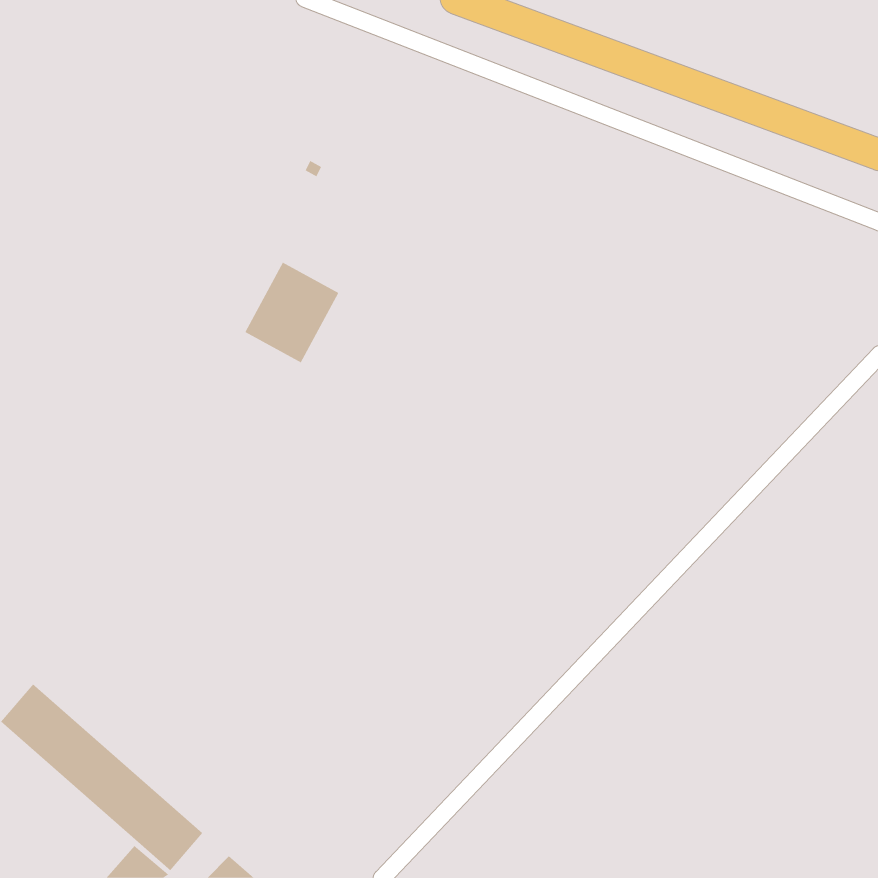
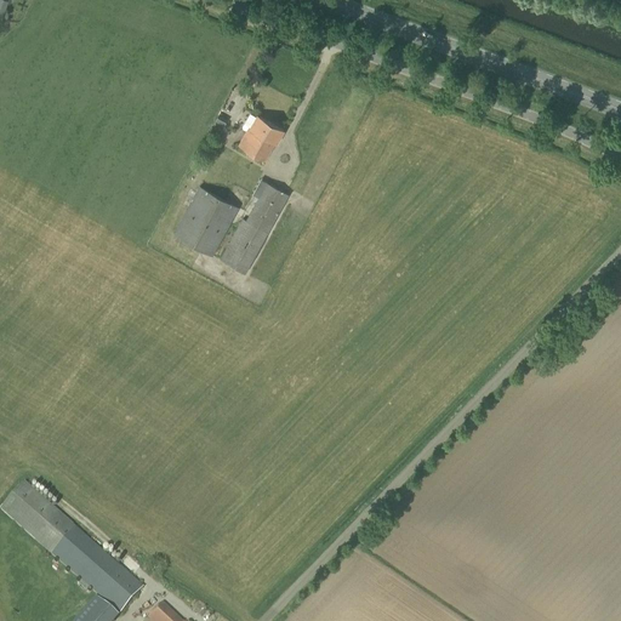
building: none -> [239,114,285,159]
building: none -> [221,181,290,273]

